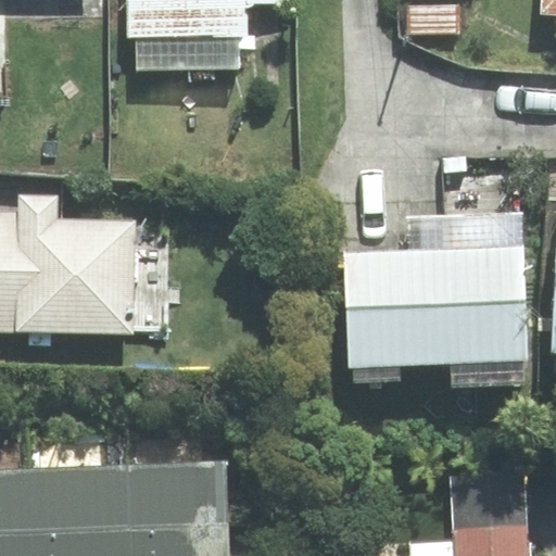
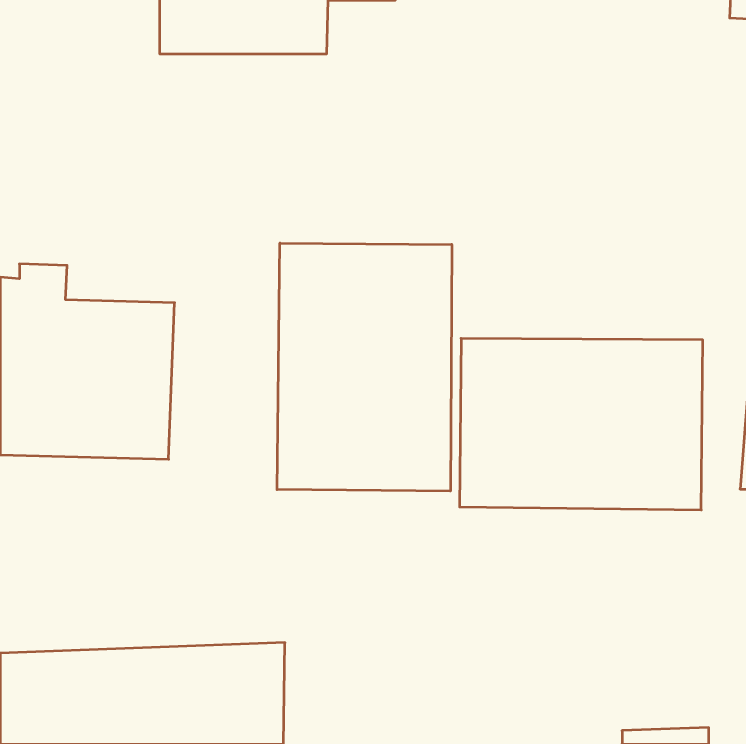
building: none -> [277,243,452,491]

